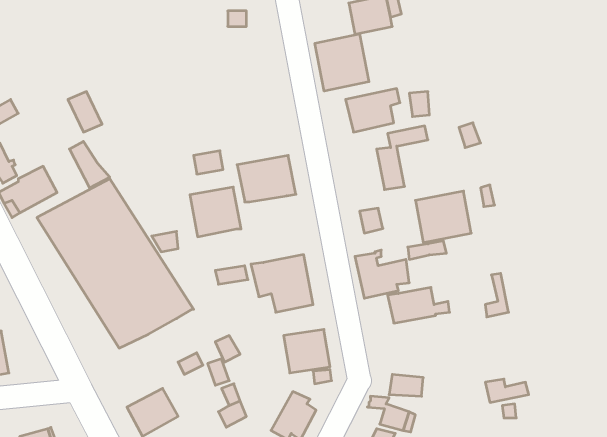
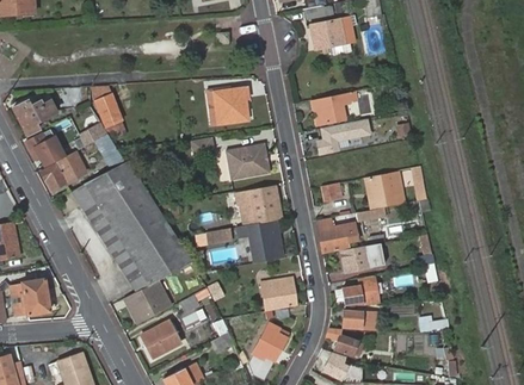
building: [315,34,369,91] -> none
building: none -> [212,88,246,124]
building: [190,187,241,237] -> [239,187,278,225]
building: none -> [341,275,380,305]
building: none -> [124,280,171,323]

